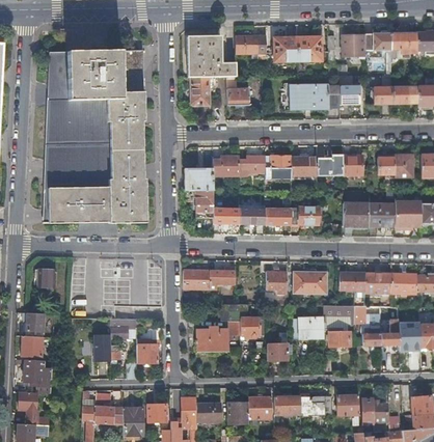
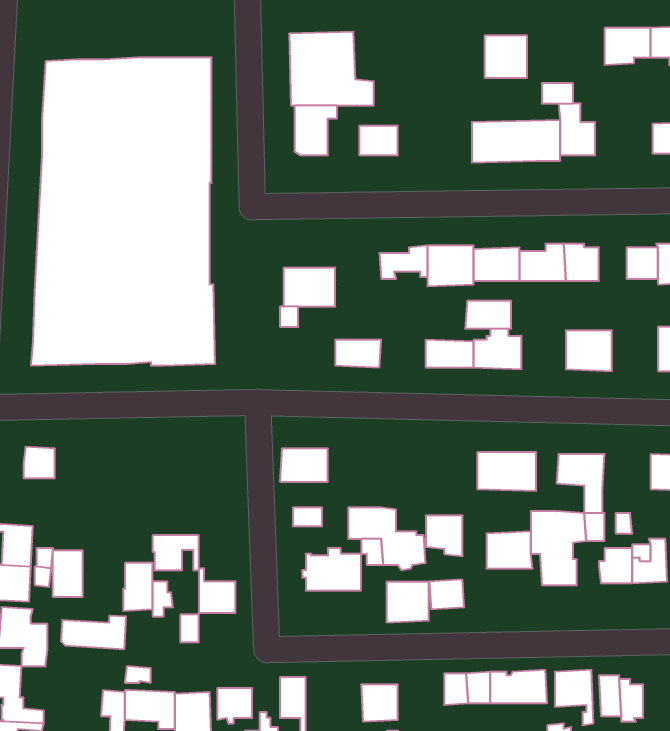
building: [235,35,266,54] -> none
building: [342,35,364,56] -> none
building: [274,37,297,61] -> none
building: [374,75,391,104] -> none
building: [213,156,239,175] -> none
building: [195,190,213,217] -> none
building: [369,203,395,226] -> none
building: [238,209,264,224] -> [465,301,511,329]
building: [209,267,235,288] -> none
building: [266,271,287,294] -> [426,516,463,556]
building: [363,273,390,293] -> none
building: none -> [53,550,82,597]
building: none -> [61,615,126,649]
building: [248,396,272,419] -> [386,582,429,622]
building: [196,403,221,421] -> none

